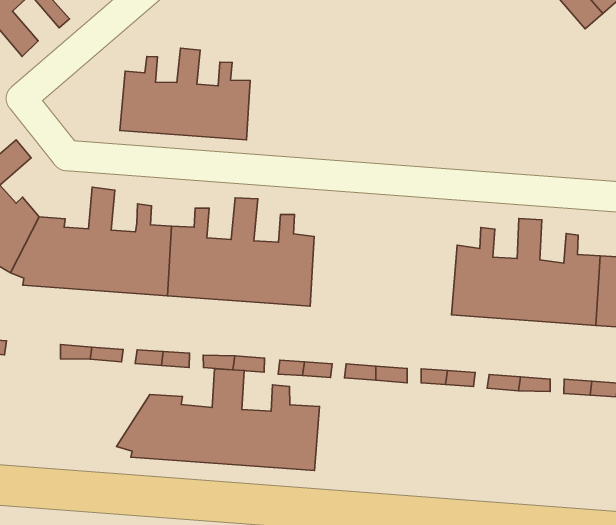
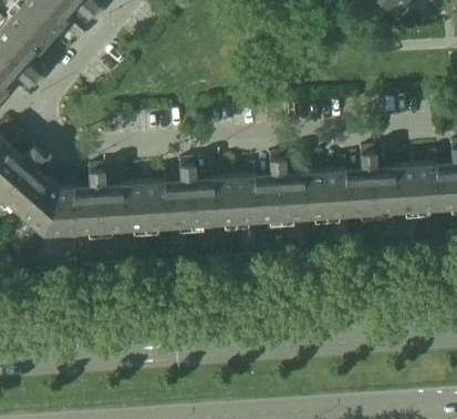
building: [120,48,250,140] -> none
building: none -> [232,156,325,225]
building: [117,369,319,471] -> none

